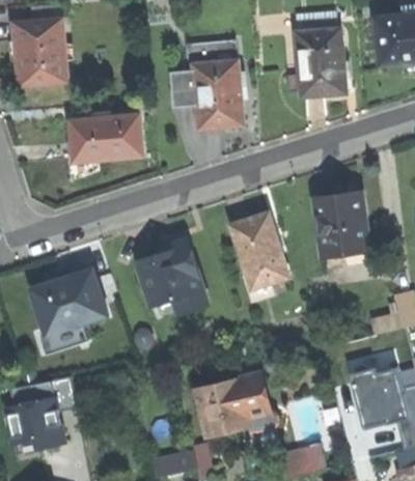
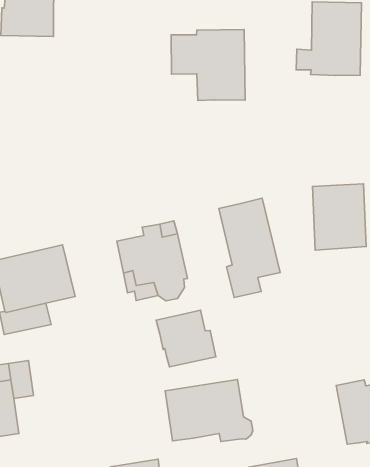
building: [185,41,239,70] -> none
building: [67,110,143,182] -> none
building: none -> [156,310,216,367]

